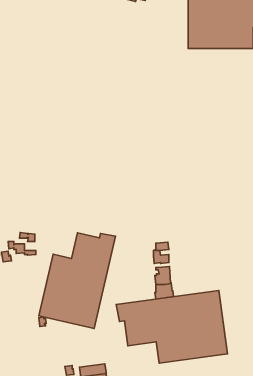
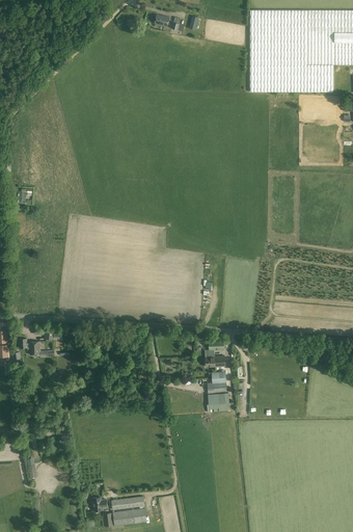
building: [39,233,116,329] -> none
building: [116,290,228,363] -> none

